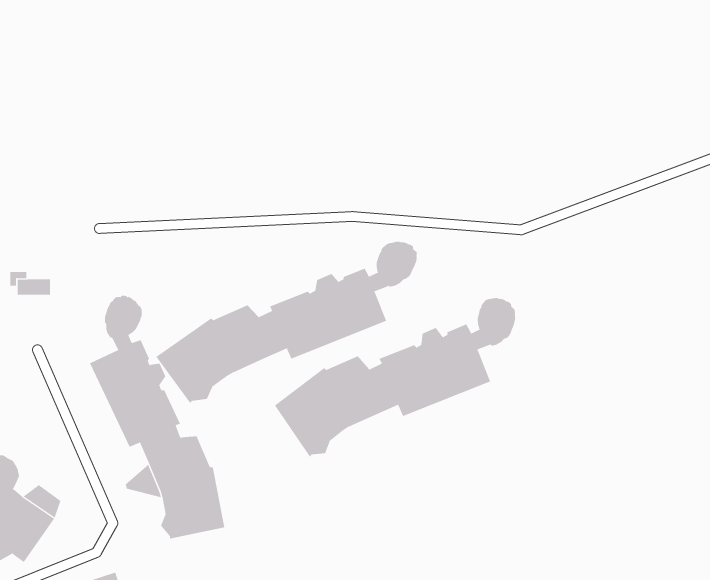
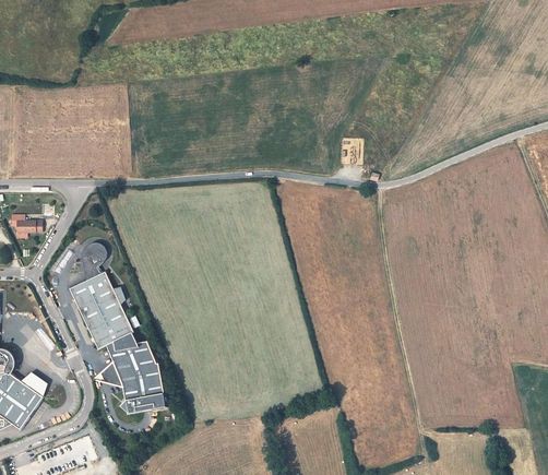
building: [155,241,417,404] -> none
building: [274,297,516,458] -> none

